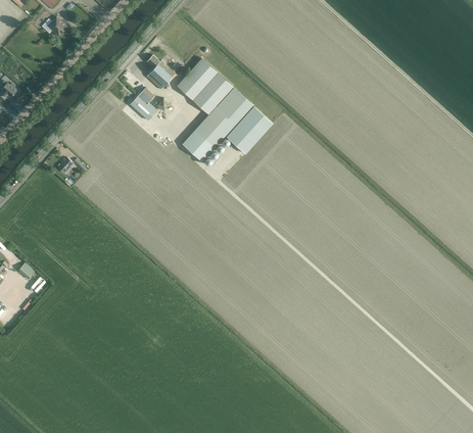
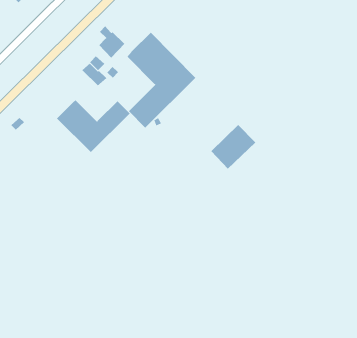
building: [225,104,273,153] -> [211,124,256,169]
building: none -> [56,100,131,153]

